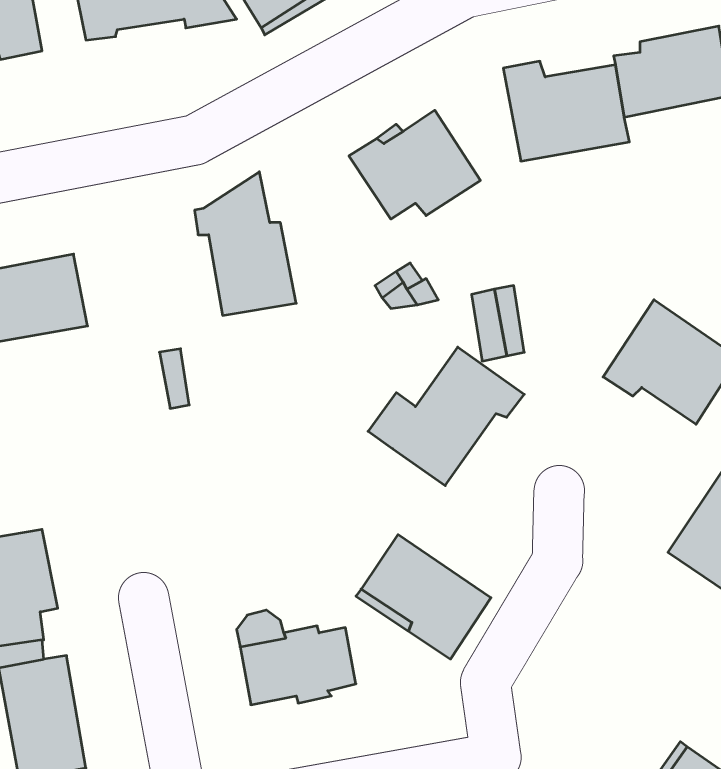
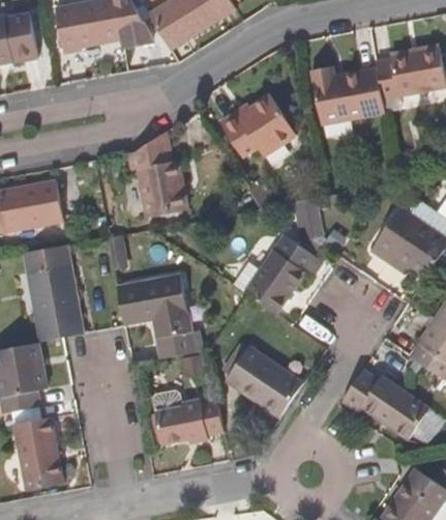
building: none -> [23,244,85,342]
building: none -> [116,272,196,359]
building: none -> [340,369,430,441]

